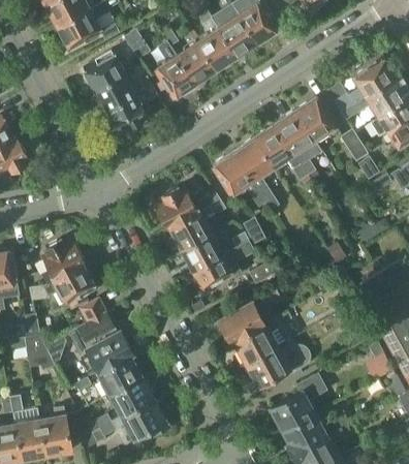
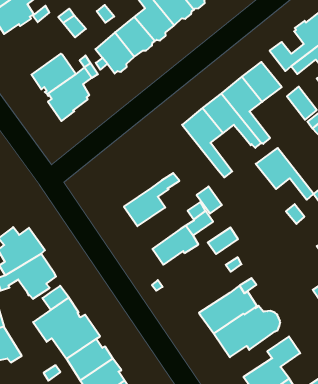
building: [83,51,125,90] -> none
building: [212,154,265,208] -> [256,148,314,200]
building: [154,188,221,229] -> none
building: [181,234,222,273] -> none
building: [218,302,264,344] -> none

